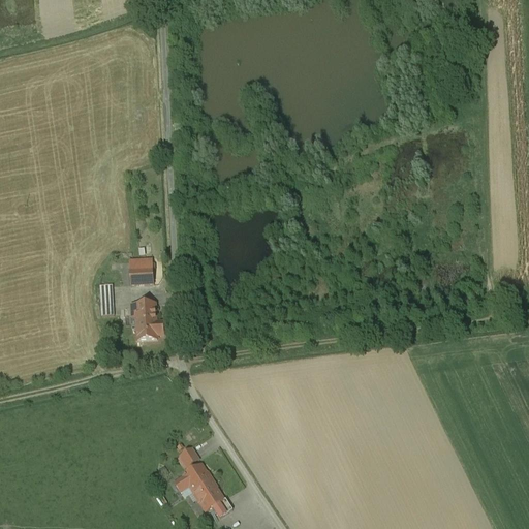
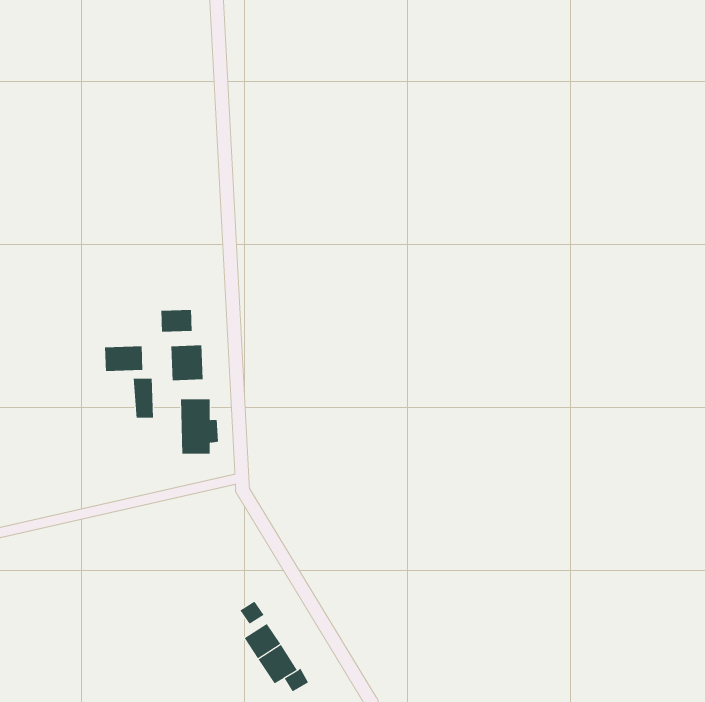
building: none -> [161,309,192,333]
building: none -> [105,345,143,372]

